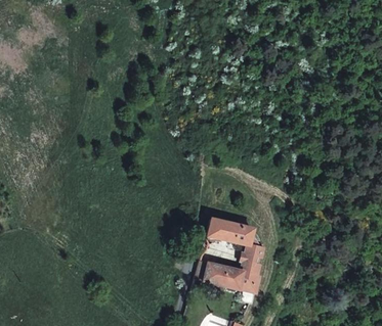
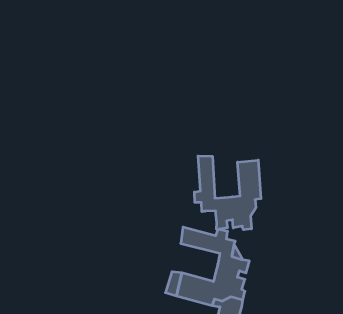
building: none -> [194,156,261,230]

